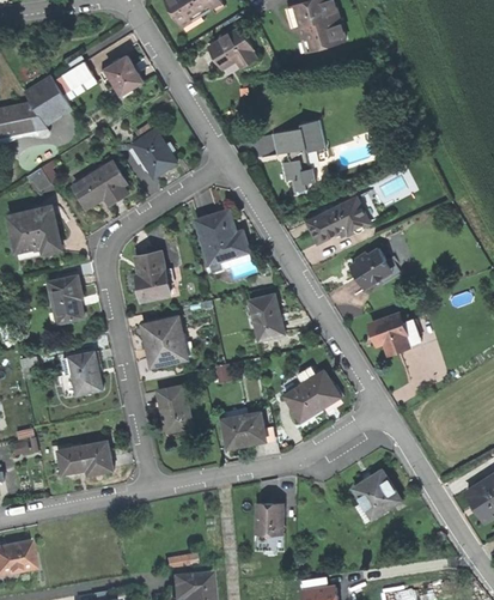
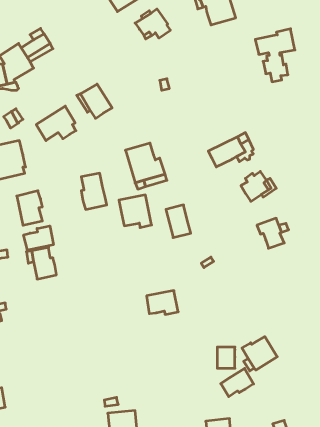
building: [99,54,144,97] -> none
building: [272,119,325,190] -> [255,29,295,82]
building: [144,316,188,360] -> [119,195,152,228]
building: none -> [24,226,53,250]
building: [285,369,339,419] -> none
building: [157,384,193,431] -> none
building: [57,440,112,474] -> none
building: [257,503,281,532] -> [217,347,235,368]
building: none -> [221,368,254,397]

